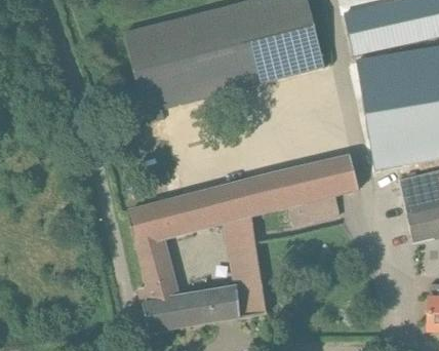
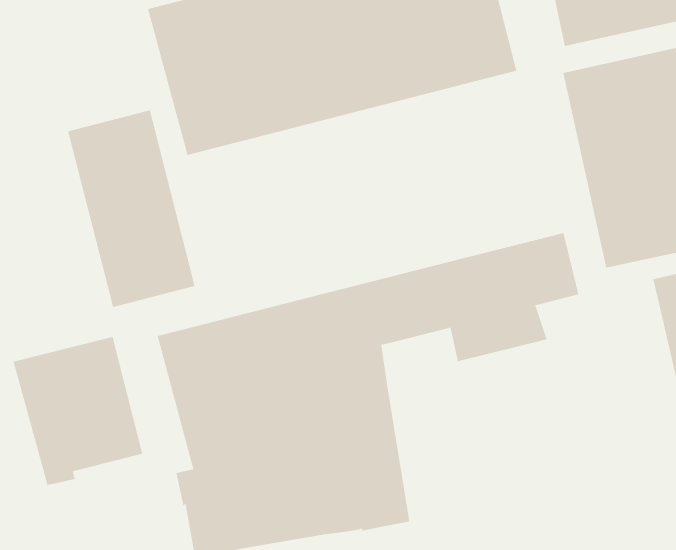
building: none -> [68,109,195,308]
building: none -> [13,336,143,486]

